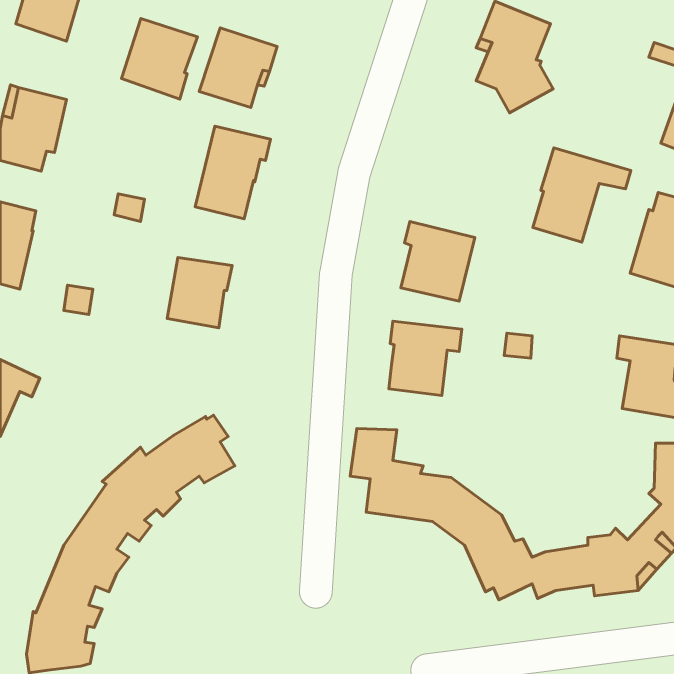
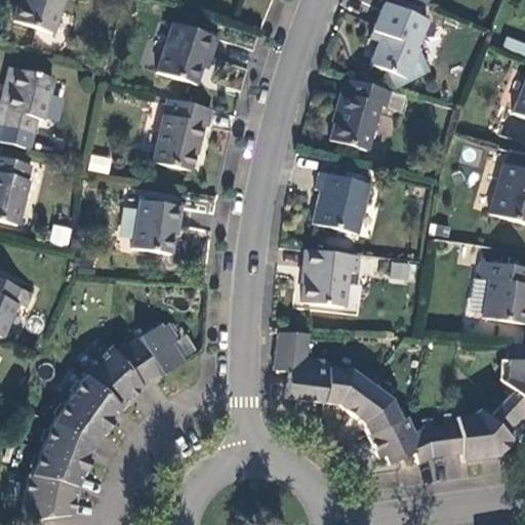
building: [121,19,197,99] -> none
building: [533,148,631,242] -> [330,77,406,150]

